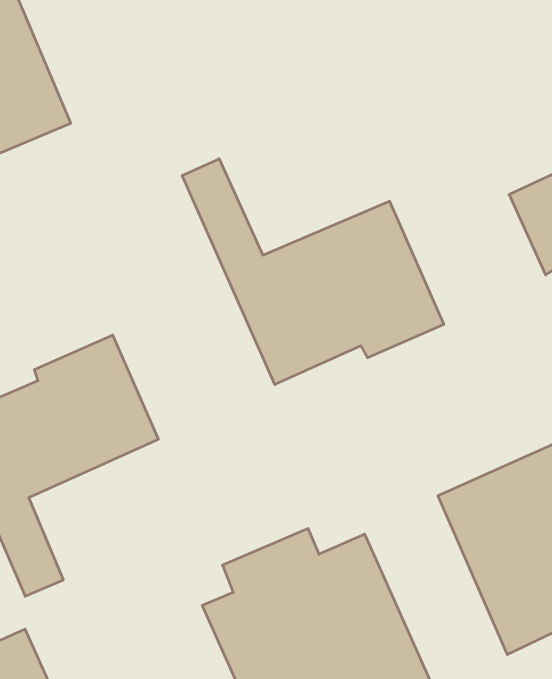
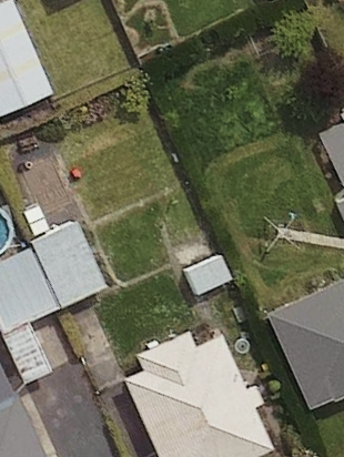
building: [182,159,444,385] -> none

